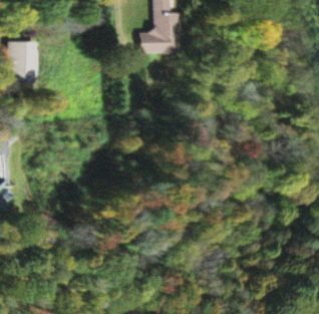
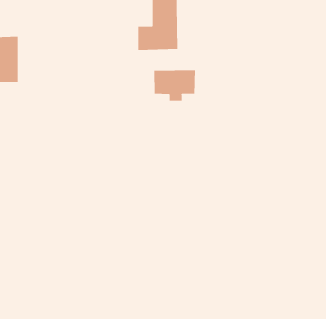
building: none -> [154,69,196,101]

